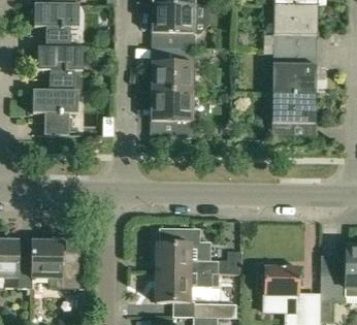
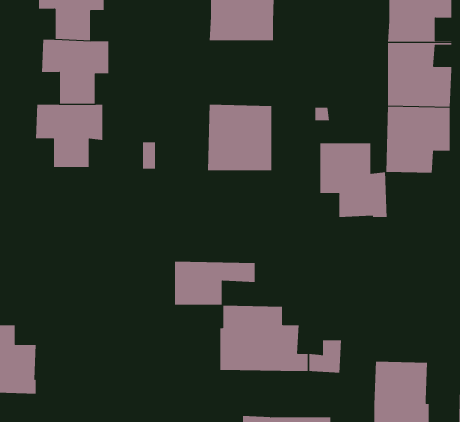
building: [150,46,194,91] -> none
building: none -> [320,142,387,218]
building: [31,240,79,288] -> none
building: [157,271,213,301] -> [174,261,256,305]

